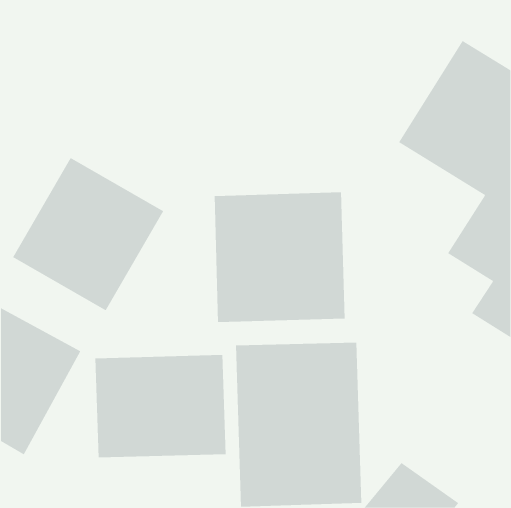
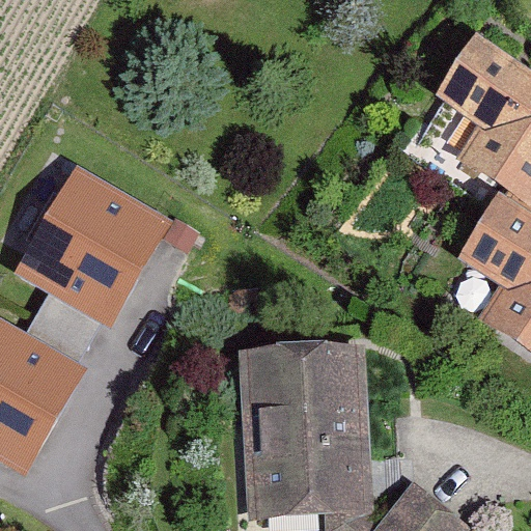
building: [214,192,345,323] -> none
building: [95,354,226,458] -> none

